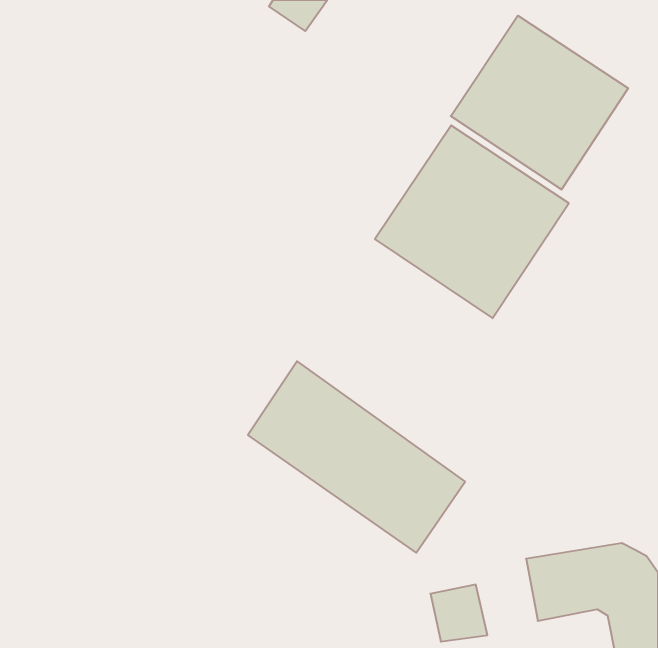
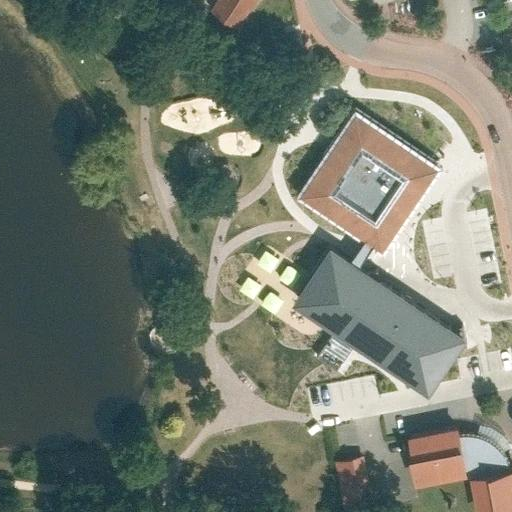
building: [451,16,628,190] -> none
building: [248,361,465,553] -> [296,249,464,397]

